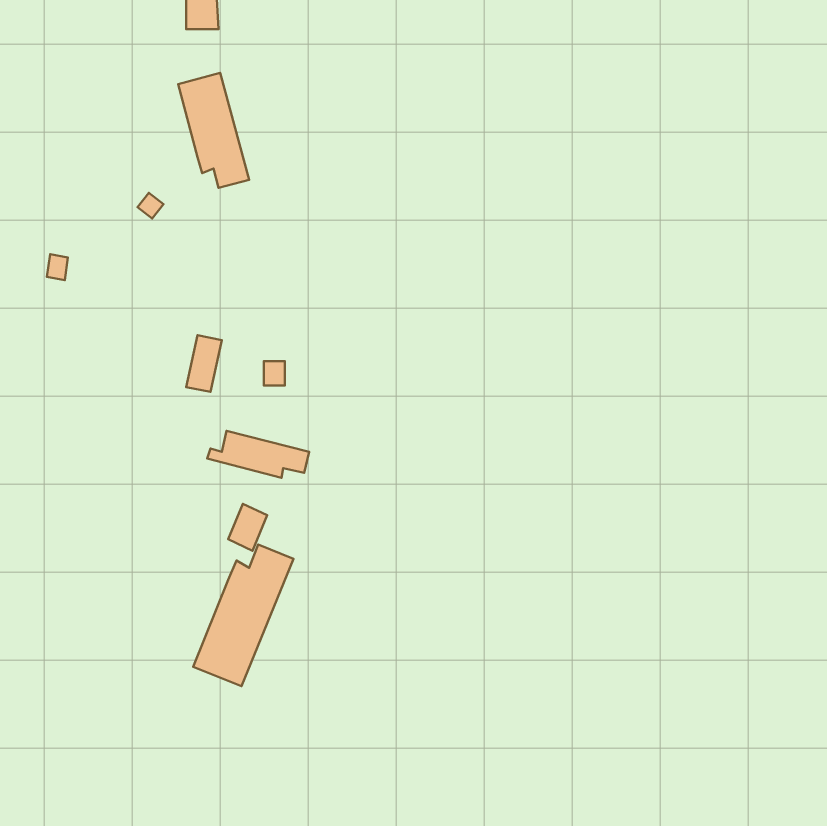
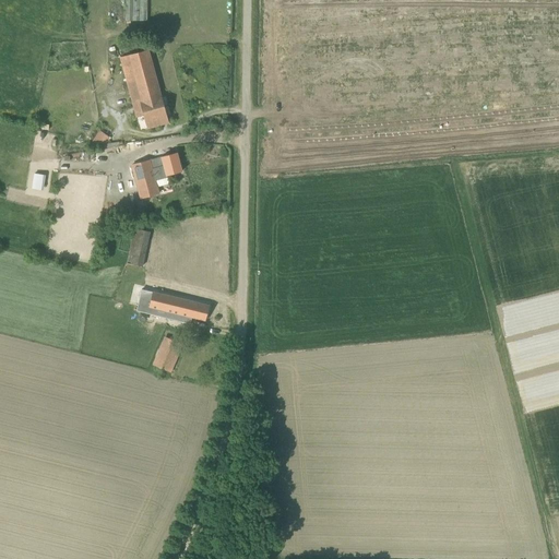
building: none -> [132,152,181,197]
building: [193,545,294,686] -> none

